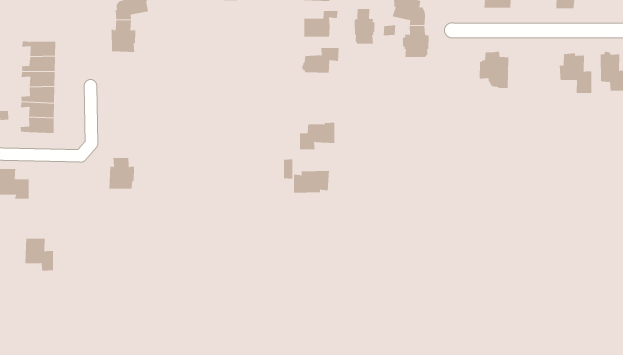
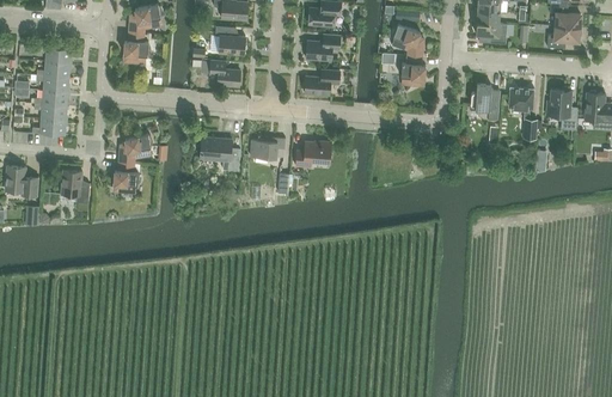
building: none -> [215,26,245,55]
building: [354,8,375,45] -> none
building: none -> [210,61,240,87]
building: none -> [508,87,537,140]
building: none -> [118,134,152,164]
building: none -> [200,138,240,171]
building: [293,171,330,193] -> [250,138,286,159]
building: [25,238,54,271] -> [61,171,90,203]

